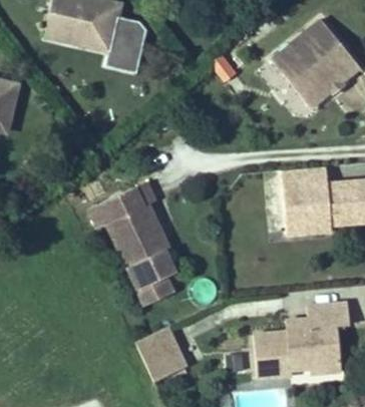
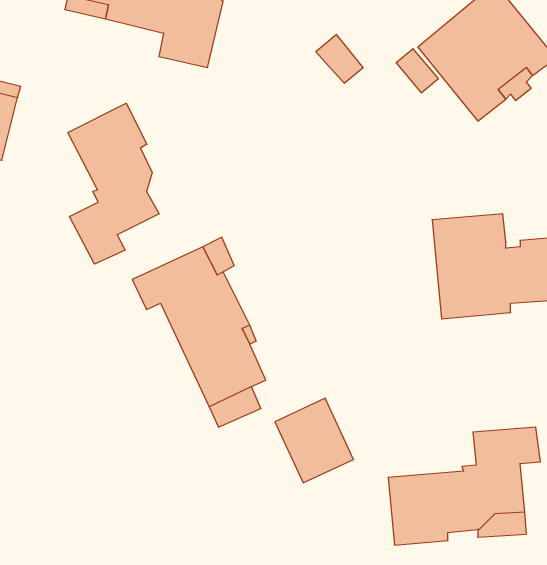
building: none -> [68,103,159,264]
building: [136,326,187,380] -> [275,398,353,483]

